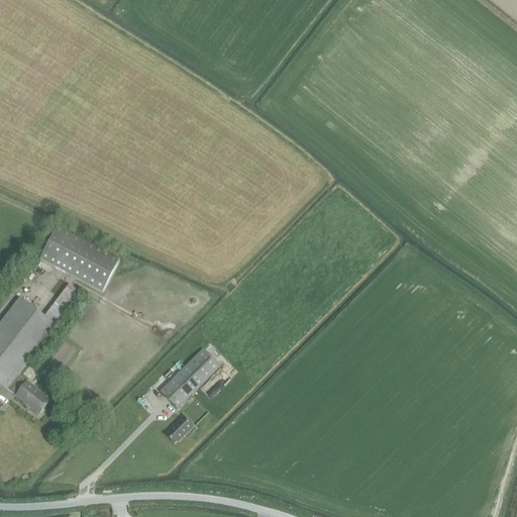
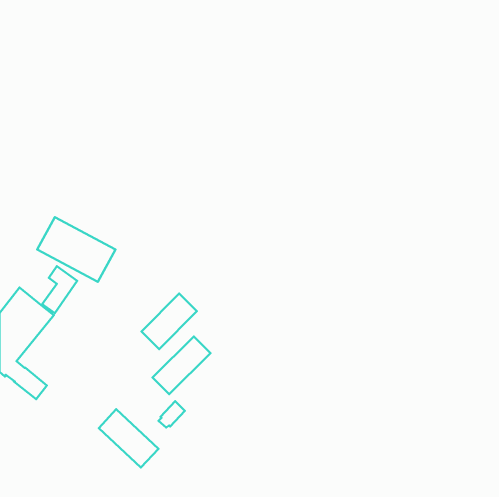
building: none -> [141,294,197,349]
building: none -> [99,409,158,468]

